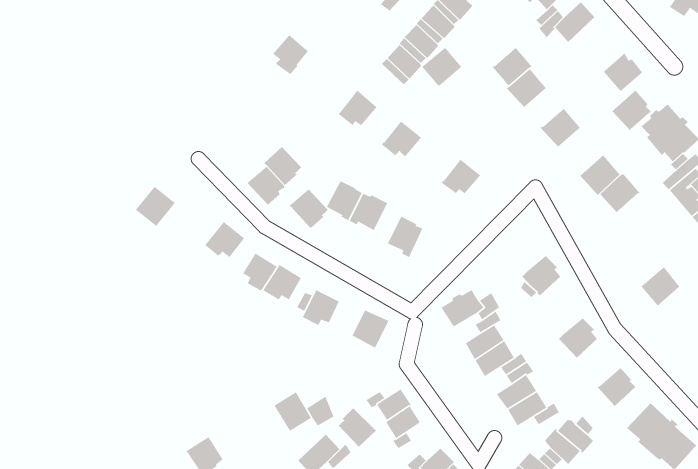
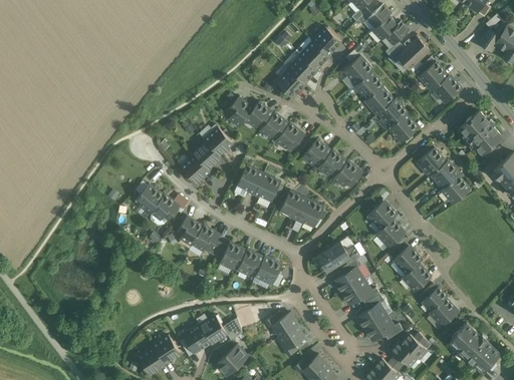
building: [272,34,309,75] -> [226,97,252,126]
building: [421,47,462,87] -> [342,56,371,84]
building: none -> [377,98,407,127]
building: [611,90,654,131] -> [418,61,448,90]
building: none -> [260,112,288,138]
building: none -> [302,139,330,165]
building: none -> [333,160,361,186]
building: [135,186,176,227] -> [134,183,163,213]
building: [289,188,328,228] -> [203,127,231,155]
building: none -> [295,200,323,227]
building: none -> [366,202,397,229]
building: [640,267,680,306] -> [441,175,469,204]
building: none -> [392,246,422,274]
building: none -> [237,250,263,275]
building: none -> [419,284,446,311]
building: none -> [182,324,210,352]
building: [338,407,377,448] -> none
building: none -> [152,335,180,362]

